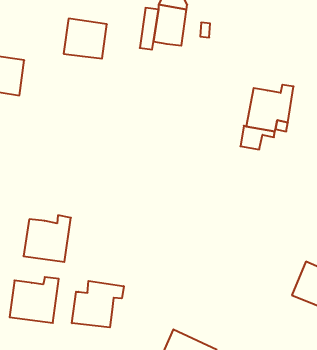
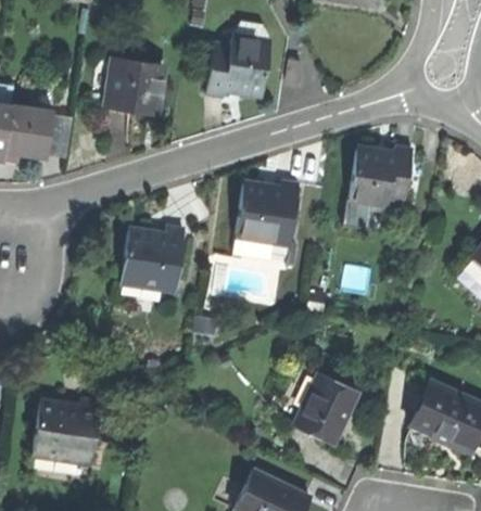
building: none -> [245,181,309,243]
building: [23,215,71,262] -> [123,228,186,290]
building: none -> [292,373,357,445]
building: [72,281,124,327] -> none

